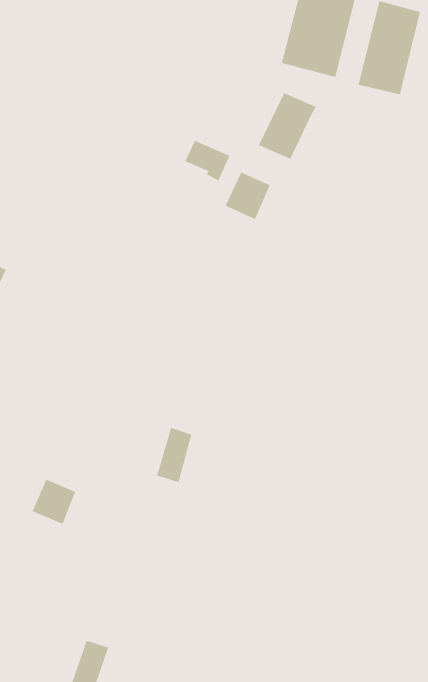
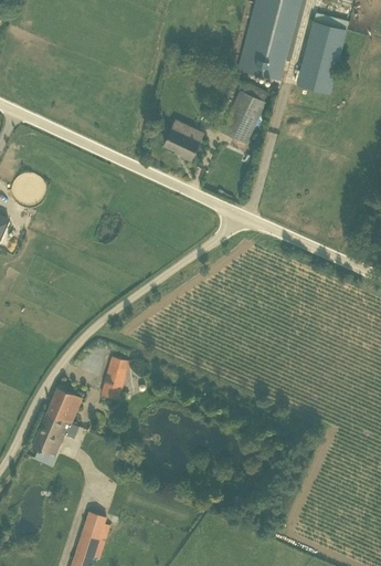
building: [224,172,271,220] -> none
building: [156,427,192,483] -> [99,355,127,398]
building: none -> [31,412,77,455]

